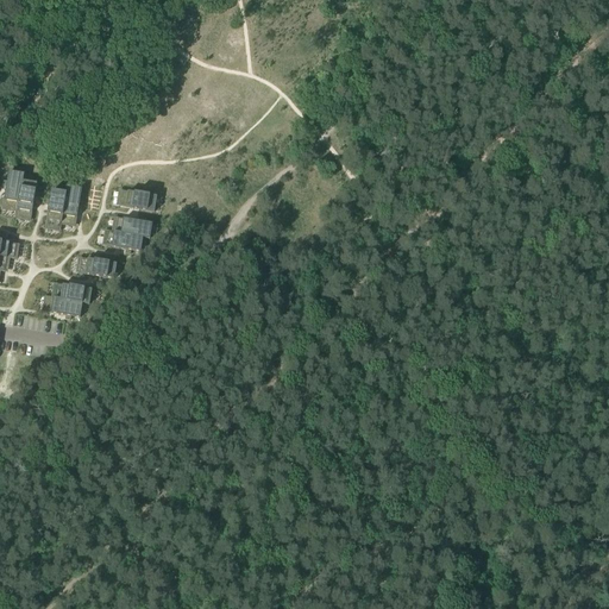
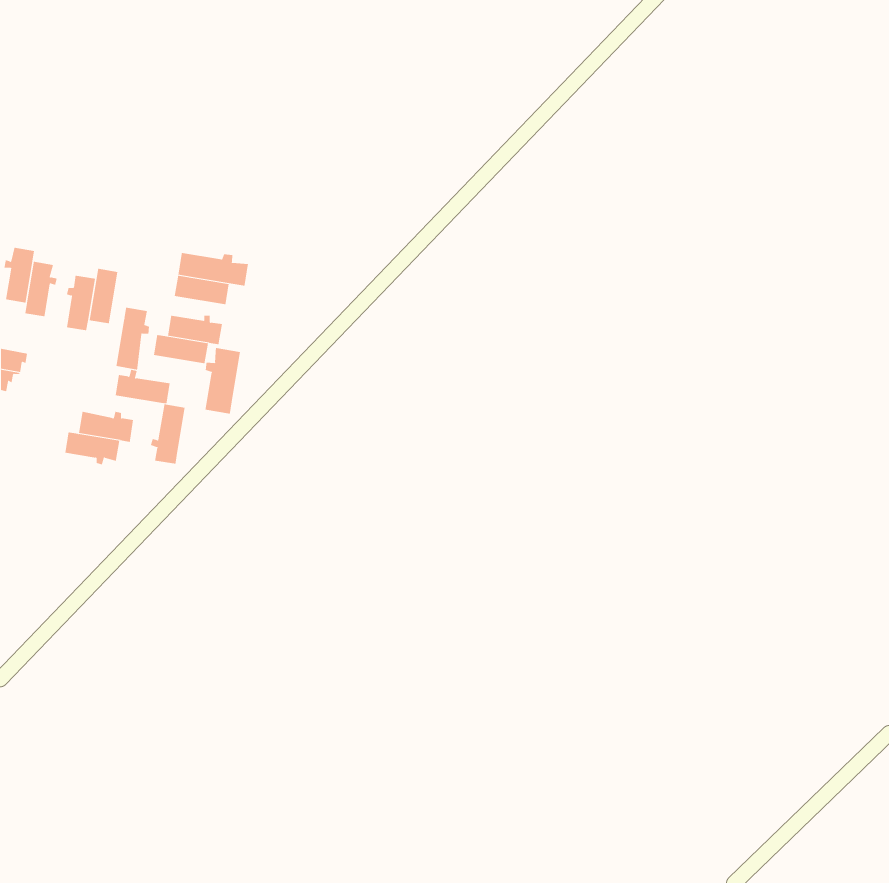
building: none -> [178,252,249,286]
building: none -> [116,307,150,370]
building: none -> [205,347,241,414]
building: none -> [150,404,185,465]

